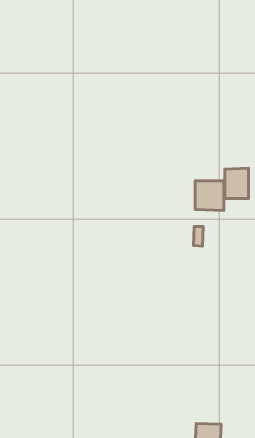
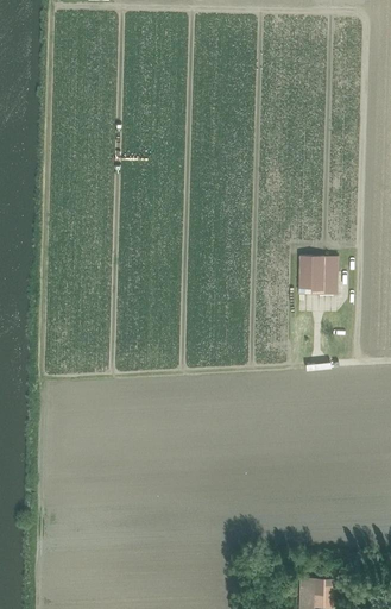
building: [225,168,248,198] -> none

